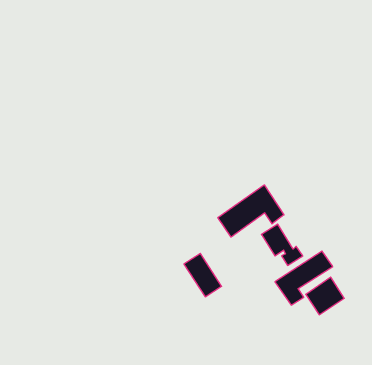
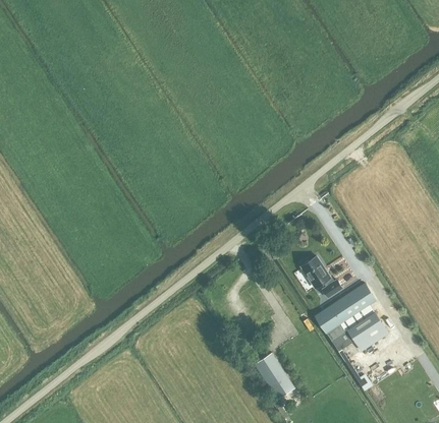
building: [218,185,284,237] -> none
building: [184,253,222,297] -> [254,353,293,399]

